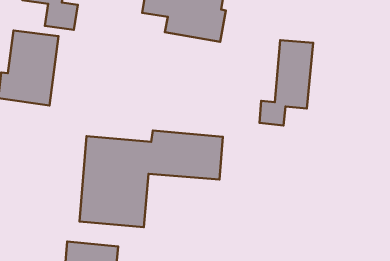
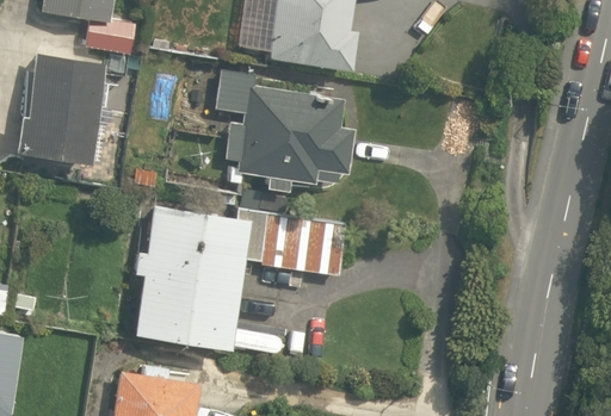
building: [259,40,313,125] -> none
building: none -> [190,72,351,188]

